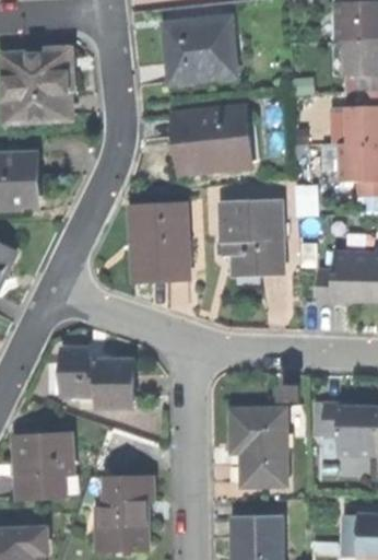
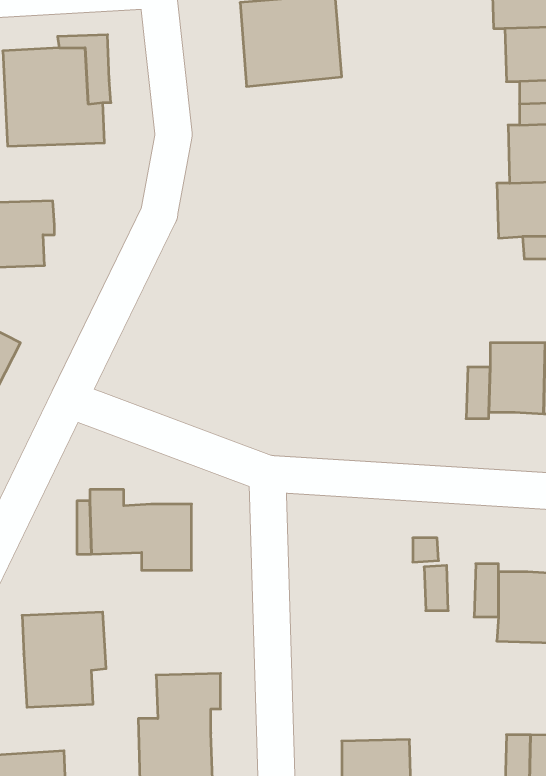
building: [172,105,247,171] -> none
building: [218,201,281,277] -> none
building: [130,206,187,281] -> none
building: [231,410,285,487] -> none

